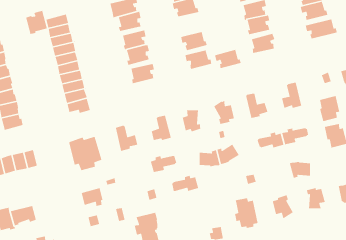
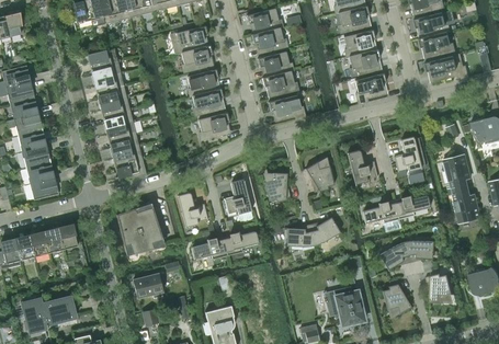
building: [25,10,48,35] -> none
building: [214,49,242,69] -> [257,50,293,77]
building: none -> [378,241,409,270]
building: [172,175,199,192] -> [191,237,227,259]

